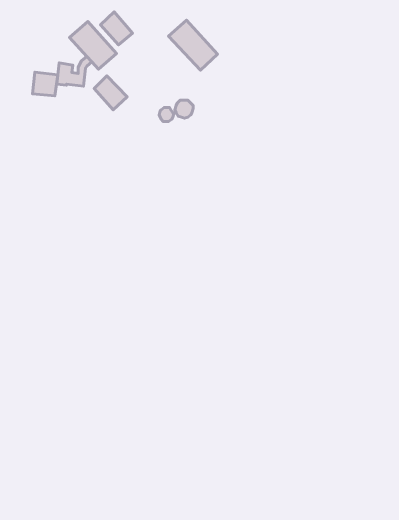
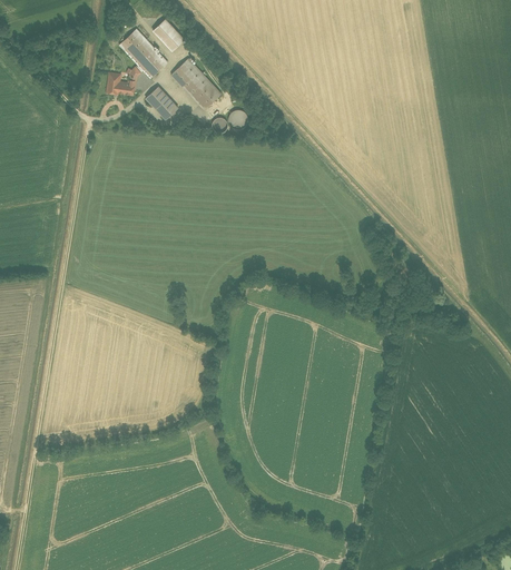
building: [168,20,217,70] -> [169,57,220,109]
building: [33,72,58,96] -> none

